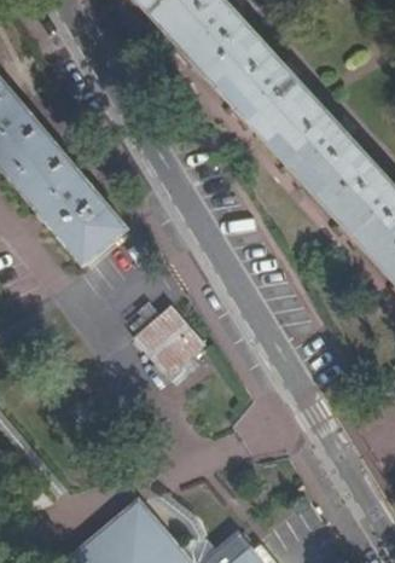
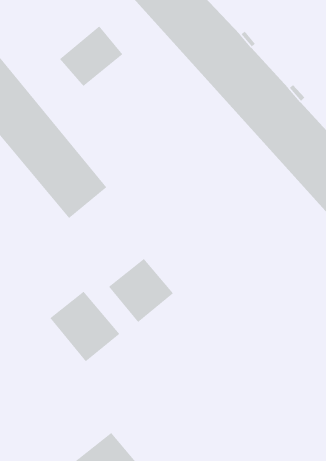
building: none -> [59,25,123,87]
building: none -> [49,291,120,362]

